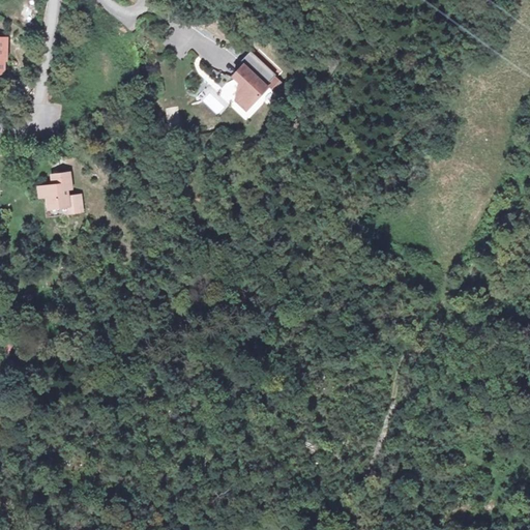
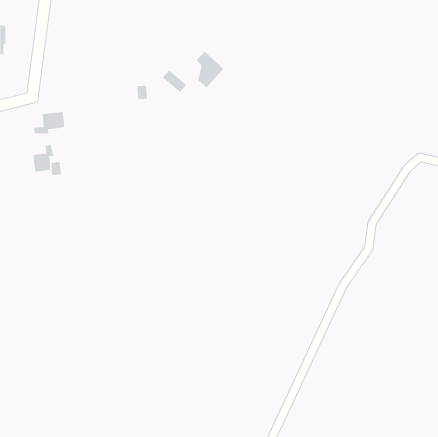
building: none -> [34,111,65,134]

